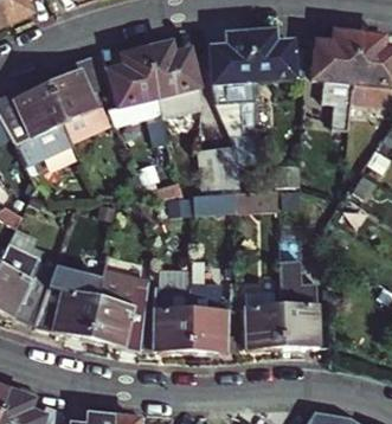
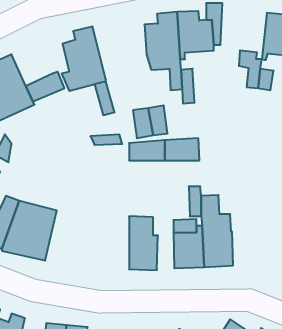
building: [313,31,360,90] -> none
building: [146,44,201,115] -> none
building: [46,54,103,123] -> none
building: [88,270,148,348] -> none
building: [153,283,191,348] -> none

